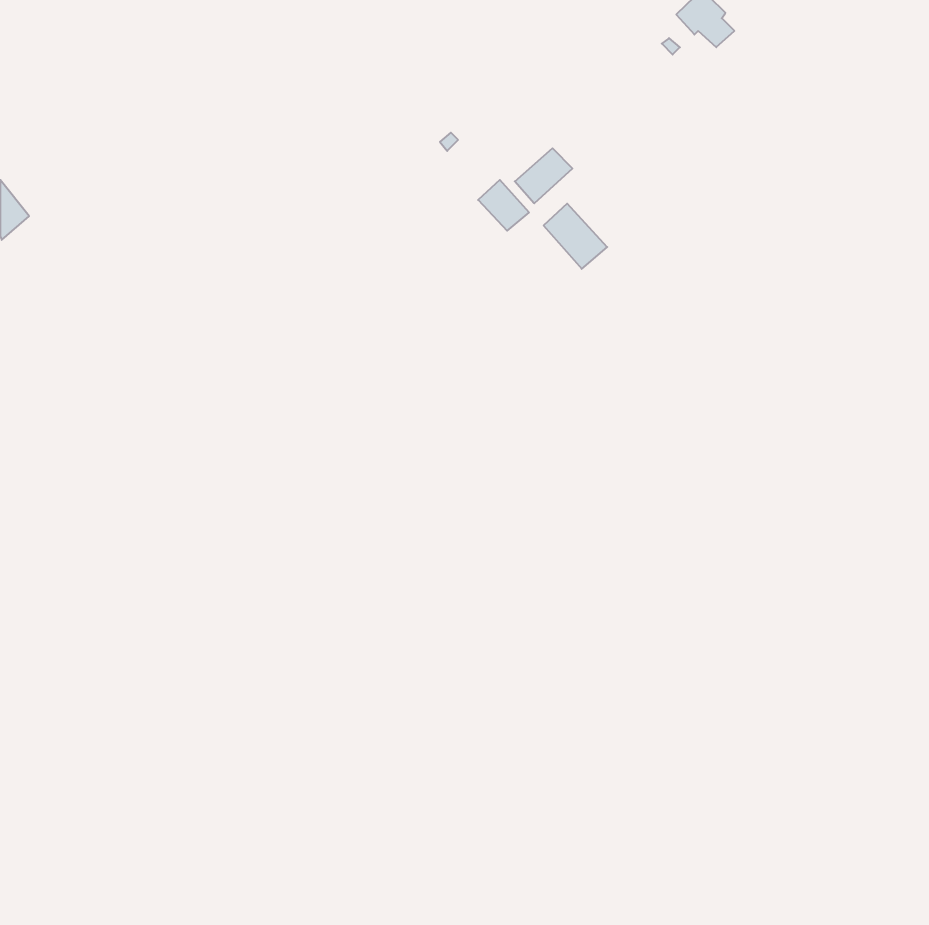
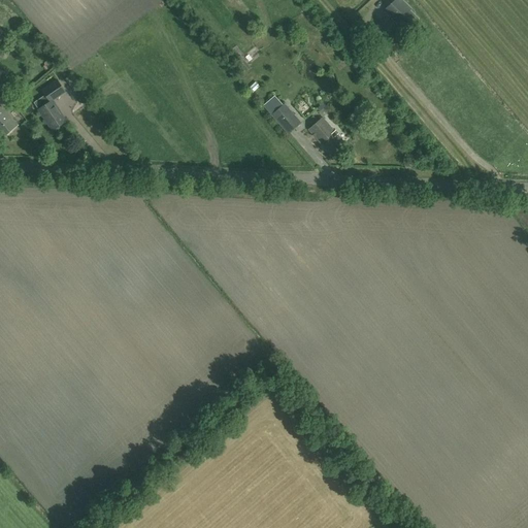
building: none -> [34,78,66,128]
building: [515,148,572,203] -> none

